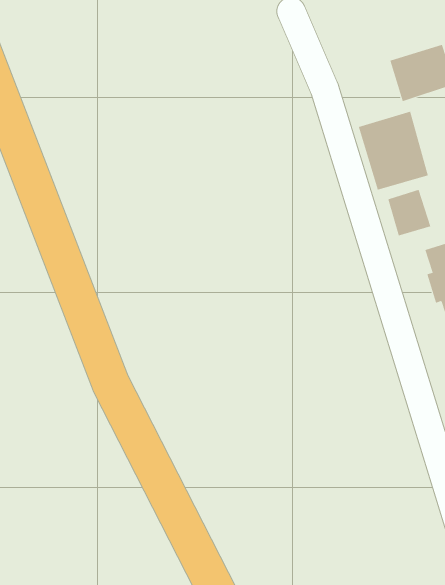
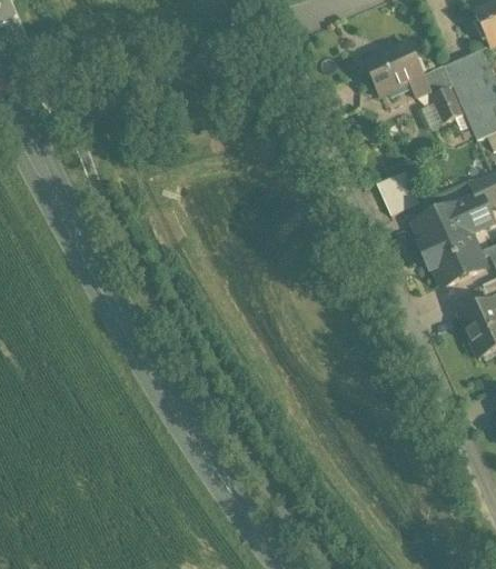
building: [358,111,428,190] -> none

